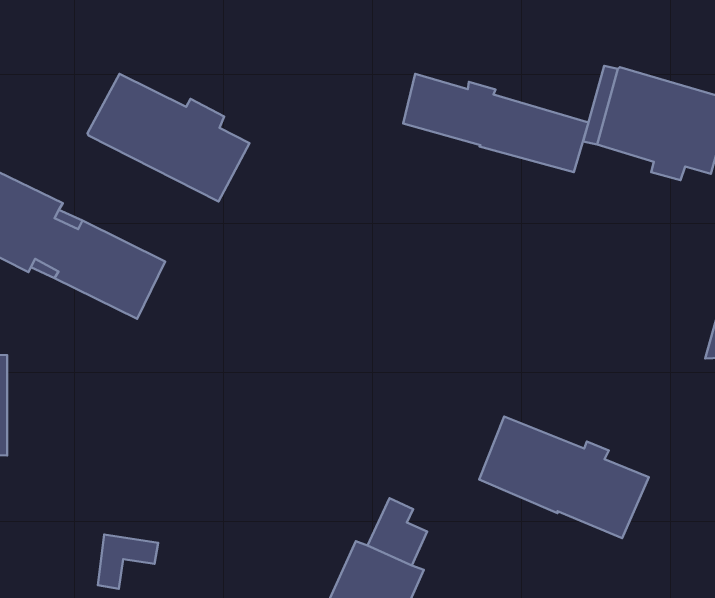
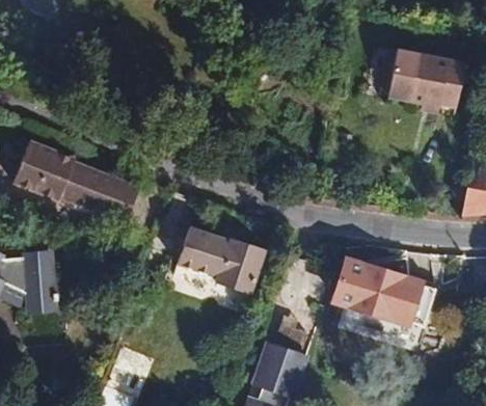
building: [88,74,249,201] -> none
building: [403,74,588,172] -> none
building: none -> [178,227,267,295]

